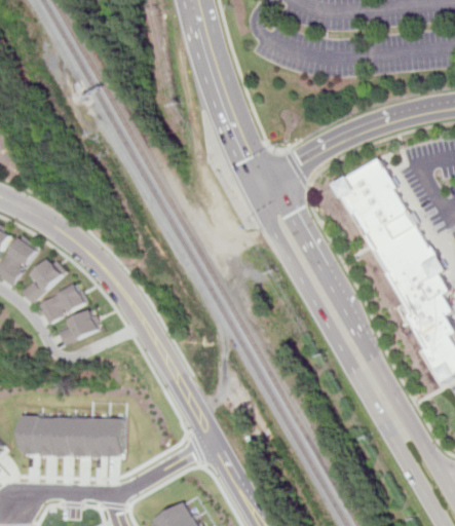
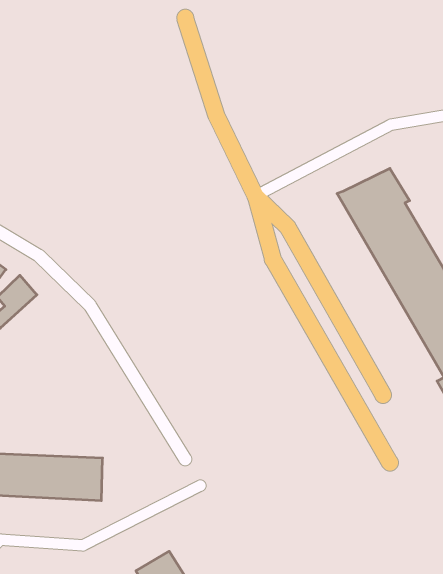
building: [37,283,85,323] -> none
building: [56,308,98,344] -> none

